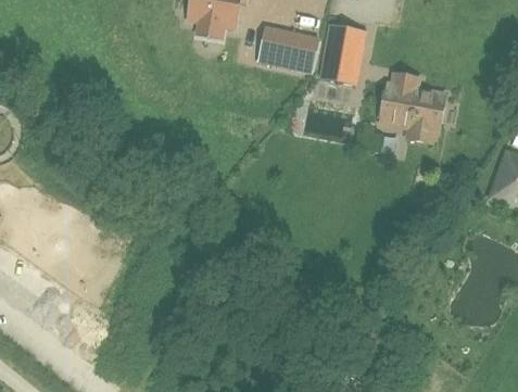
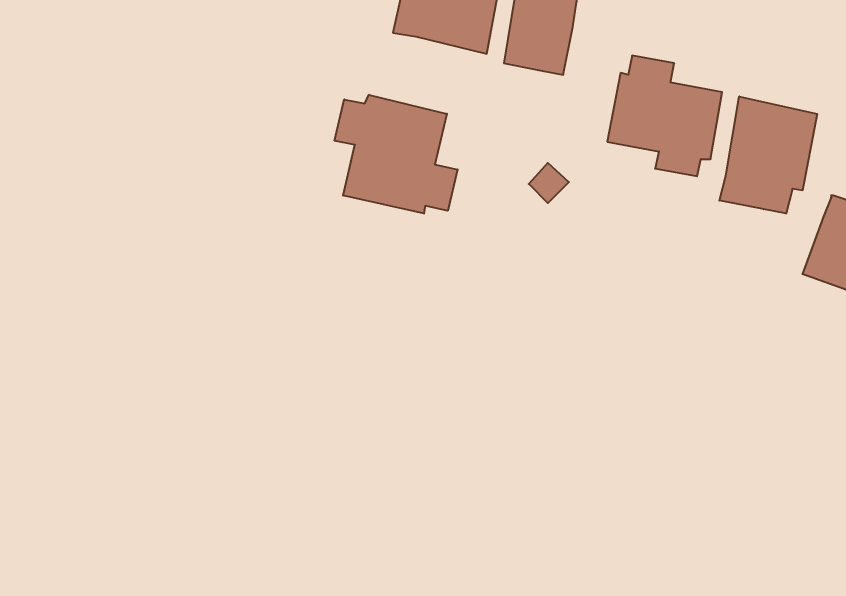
building: none -> [335,95,458,214]
building: none -> [719,96,817,214]

